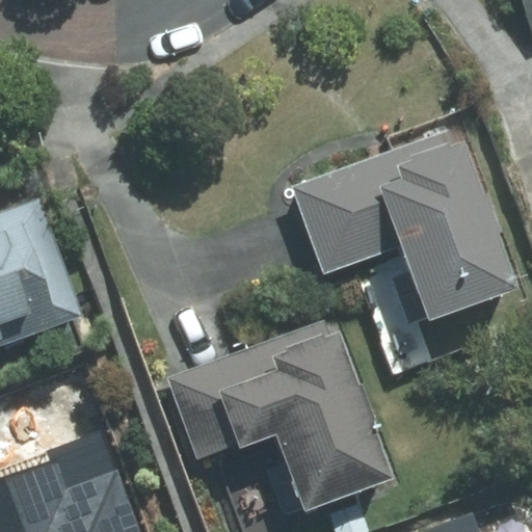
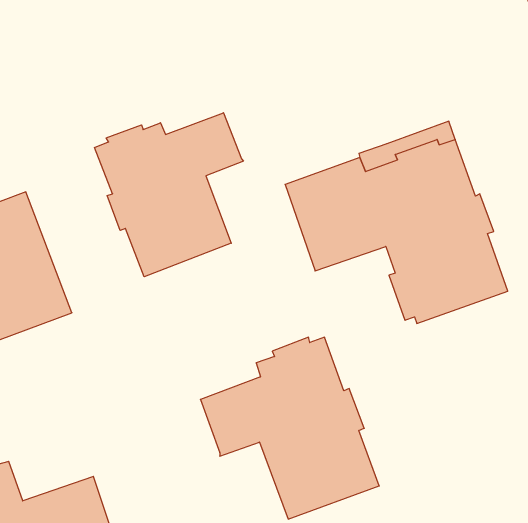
building: none -> [94,113,243,277]
building: [167,316,334,461] -> none

